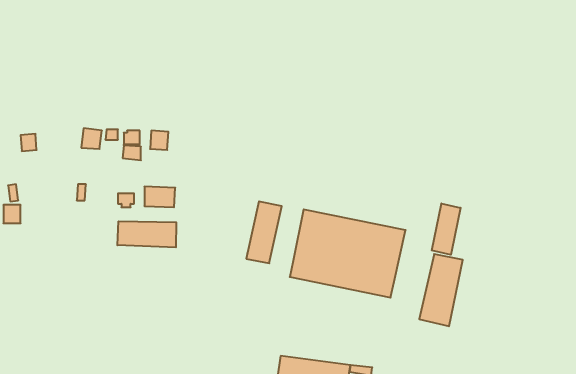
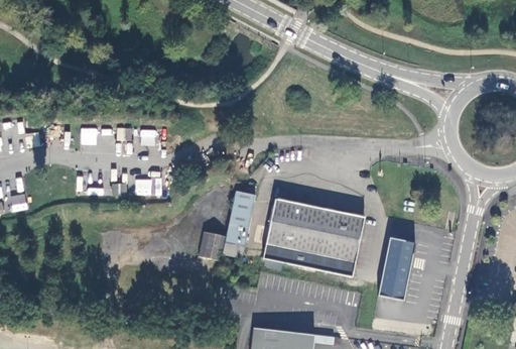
building: [432,203,461,255] -> none
building: [117,221,176,247] -> none
building: none -> [199,231,226,260]

